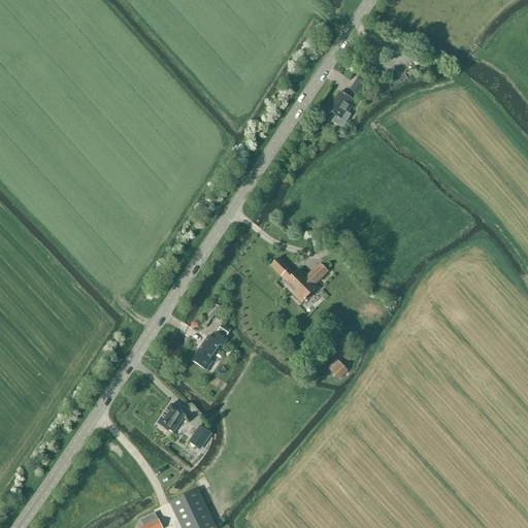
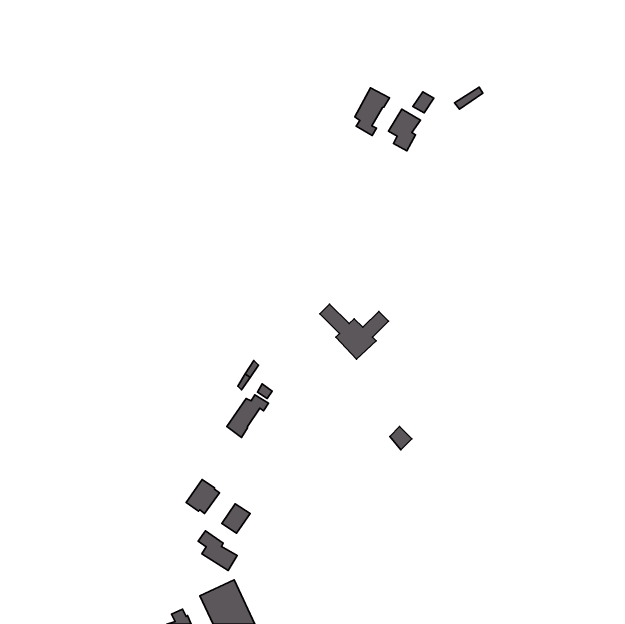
building: none -> [355,88,390,136]
building: none -> [198,531,237,570]

